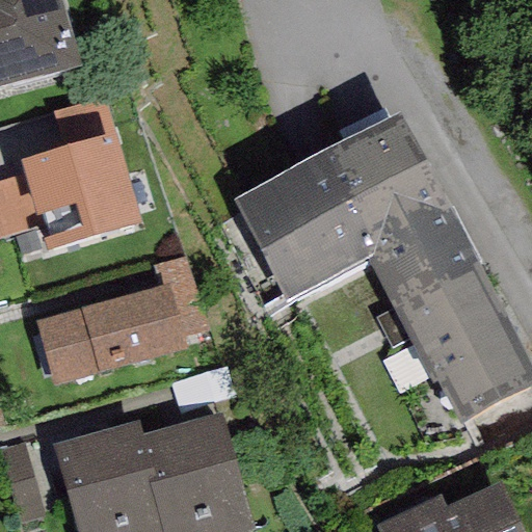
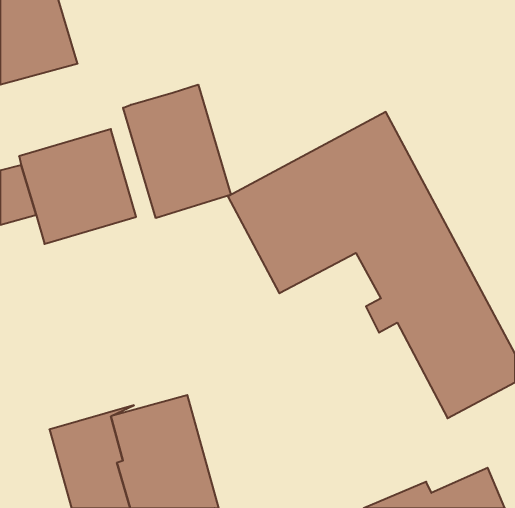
building: none -> [123,85,231,218]
building: [35,283,185,384] -> none

